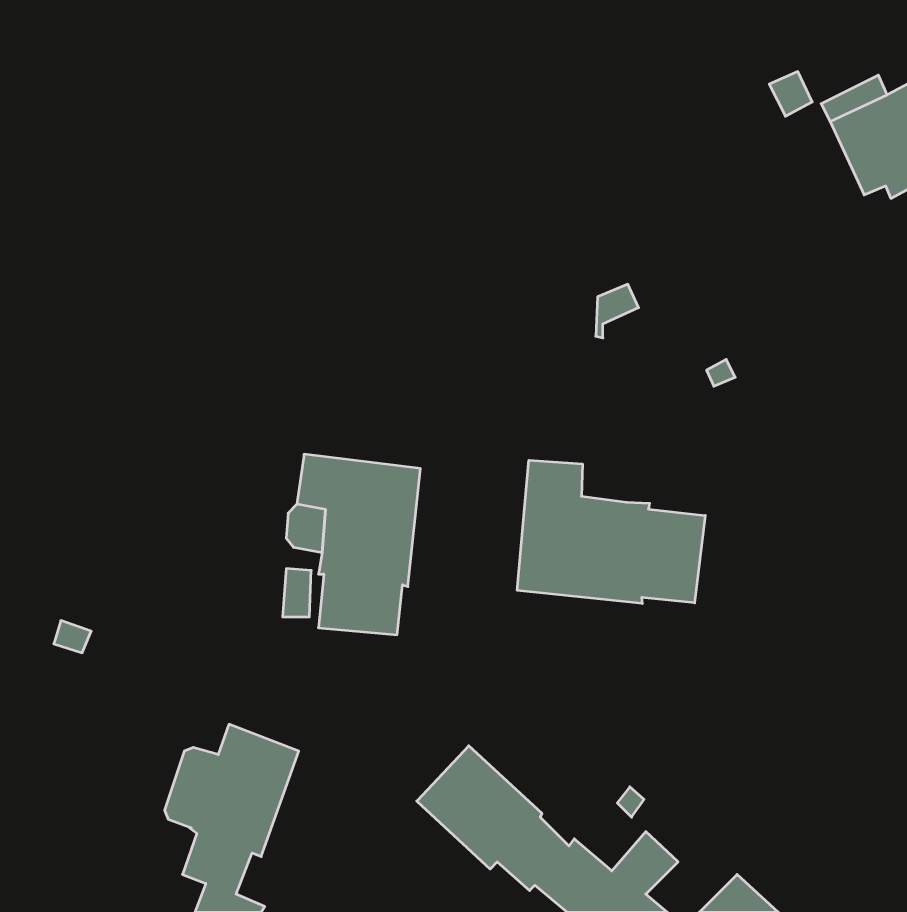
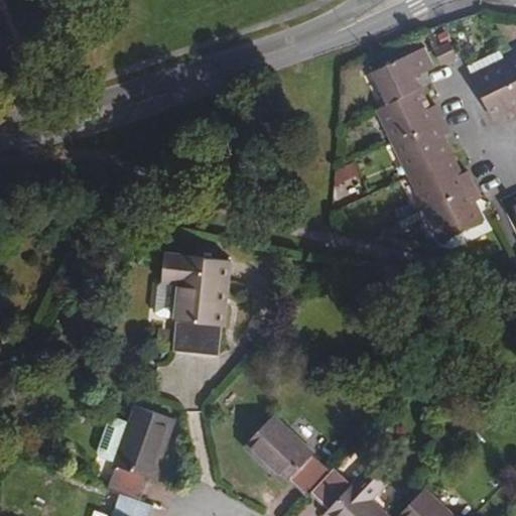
building: none -> [374,45,484,242]
building: [517,460,705,604] -> none

